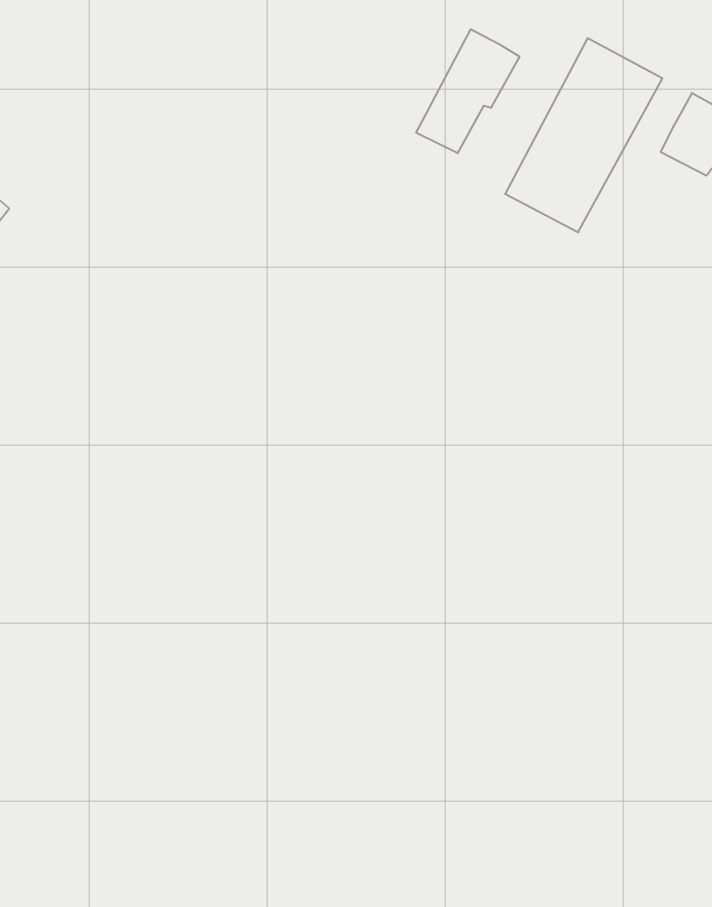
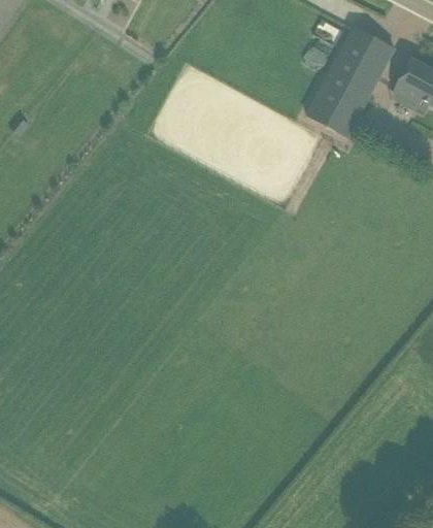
building: [416,29,519,153] -> none

